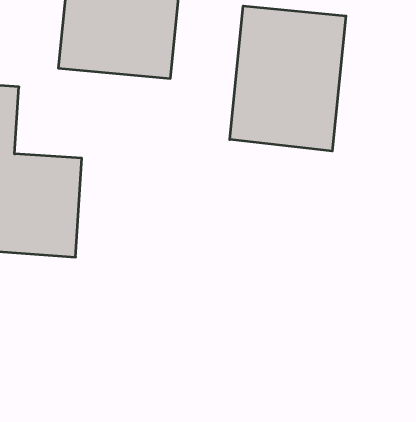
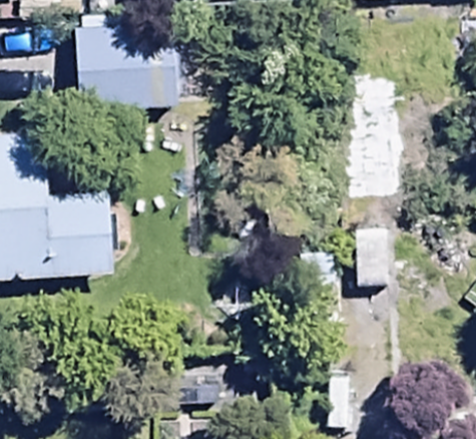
building: [230,6,346,151] -> none

